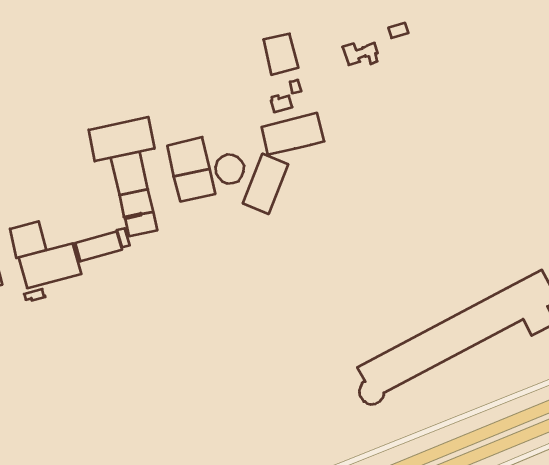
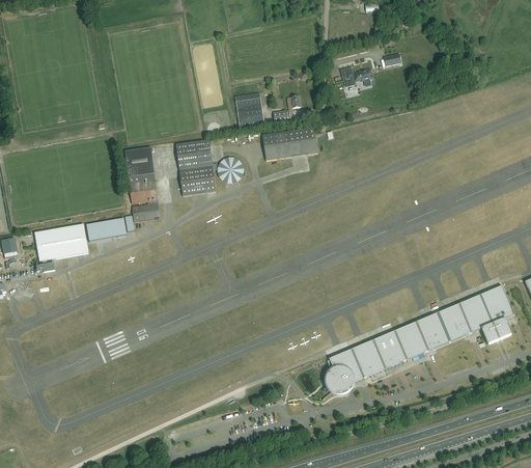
building: [263,34,298,75] -> [234,92,263,128]
building: [89,117,154,161] -> none
building: [243,154,288,214] -> none
building: [10,221,46,258] -> none

